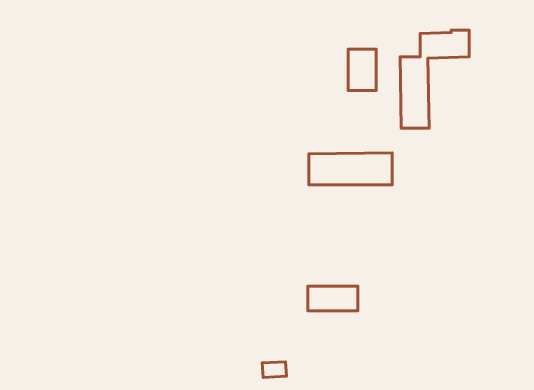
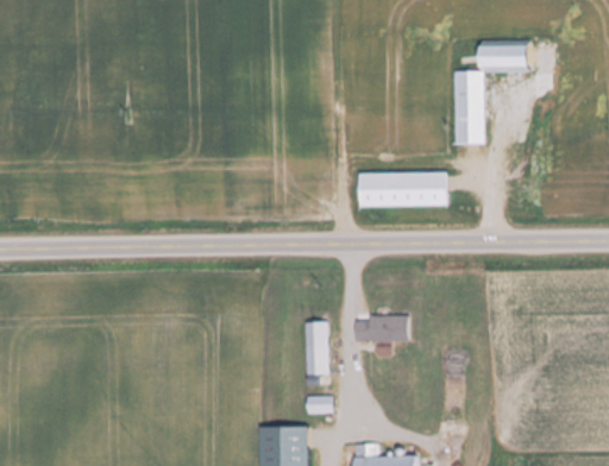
building: [348,49,376,91] -> none
building: none -> [306,322,328,374]

